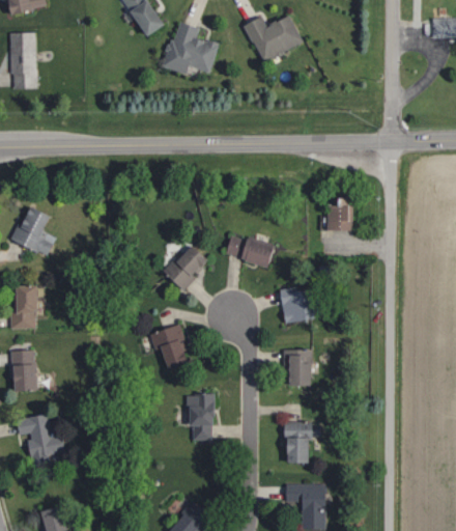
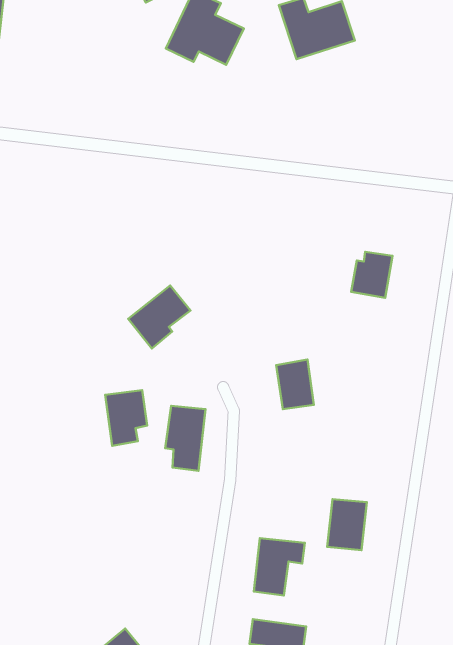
building: [226,234,278,269] -> none
building: [285,350,312,387] -> [327,499,367,550]
building: [187,394,213,441] -> [165,406,205,471]

